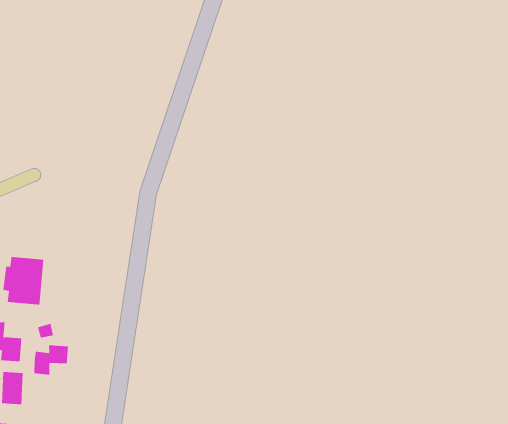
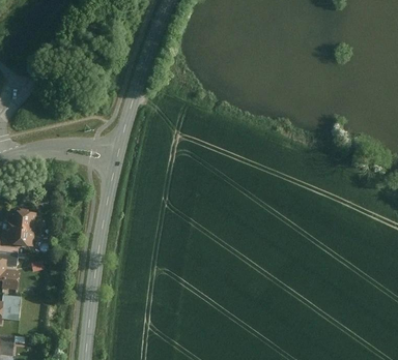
building: [34,345,68,376] -> none

